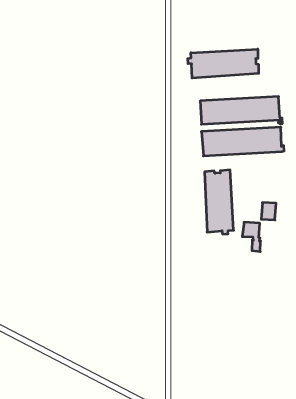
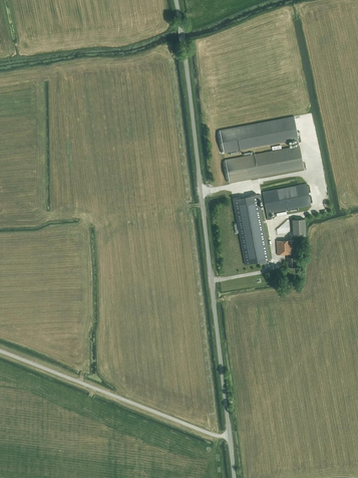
building: [188,49,259,78] -> none
building: none -> [262,184,311,220]

